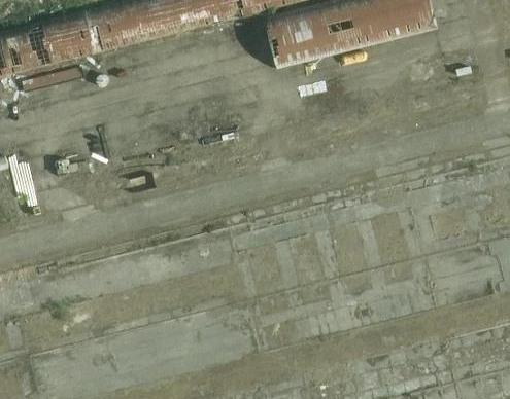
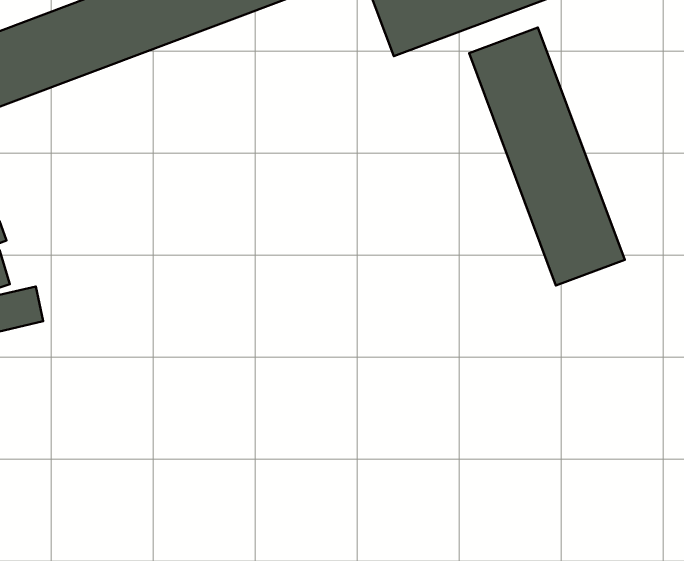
building: none -> [469,27,625,285]

